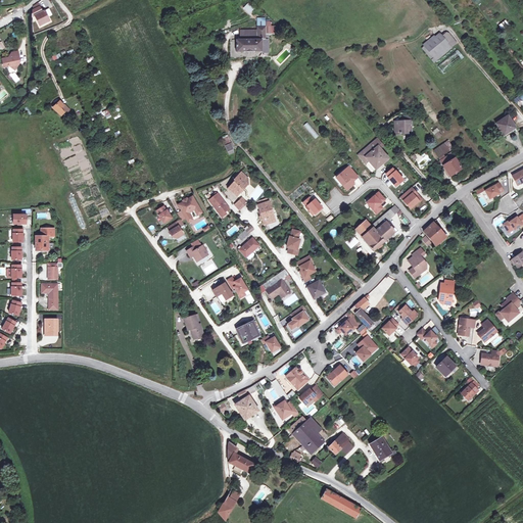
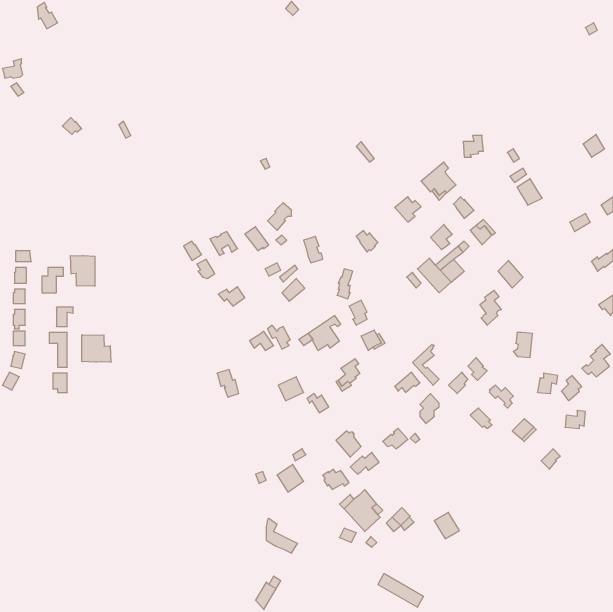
building: [236,20,271,51] -> none
building: [422,32,457,61] -> none
building: none -> [70,255,95,286]
building: none -> [82,335,111,362]

